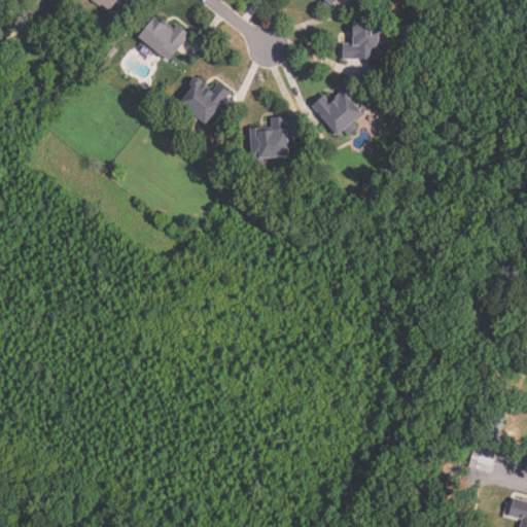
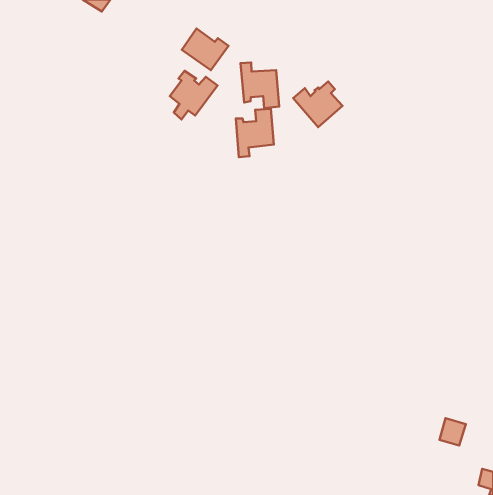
building: [137,16,186,61] -> [182,28,228,70]
building: [343,20,389,59] -> none
building: none -> [241,63,279,108]

